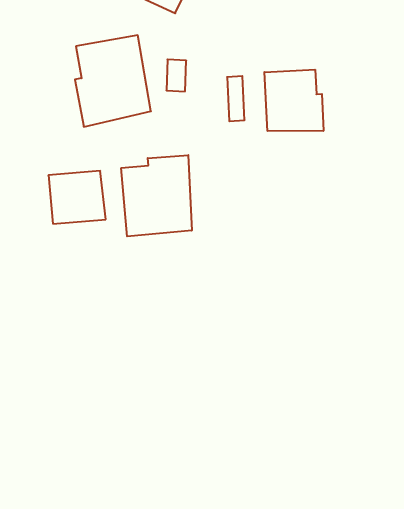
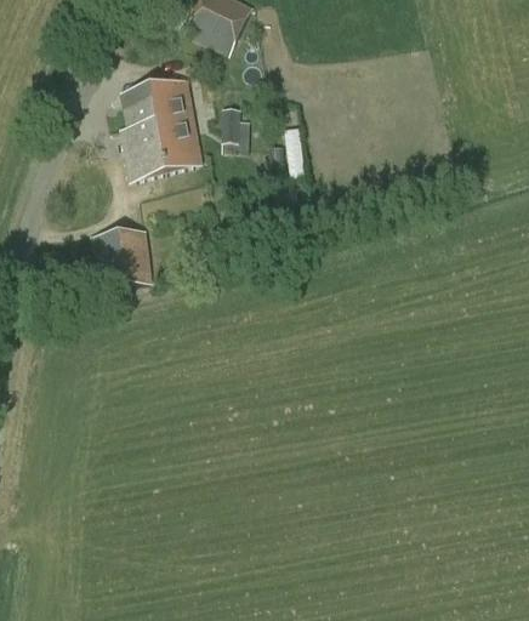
building: [264,70,323,131] -> none
building: [121,155,192,236] -> none

